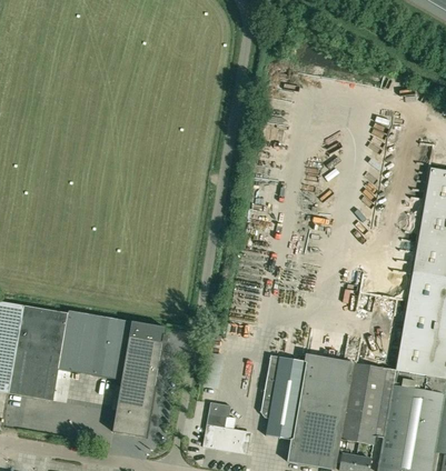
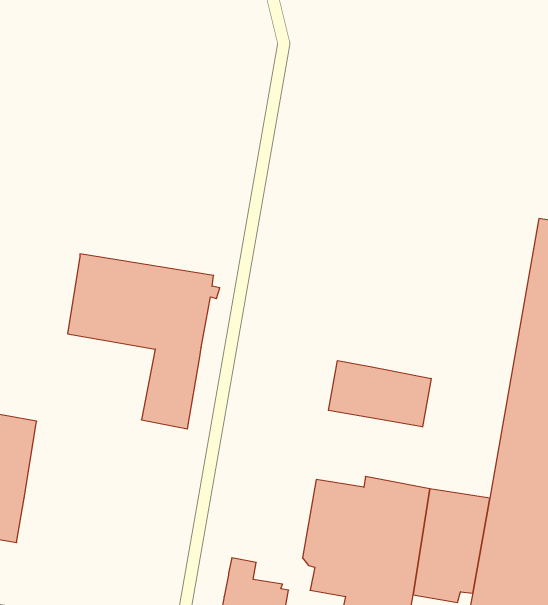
building: none -> [328,361,431,427]
building: [59,311,169,438] -> [68,254,220,429]

